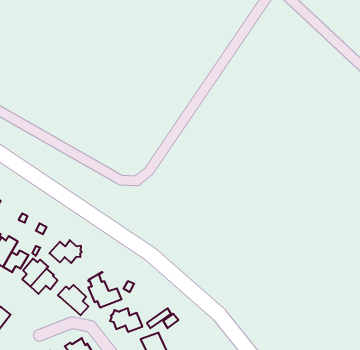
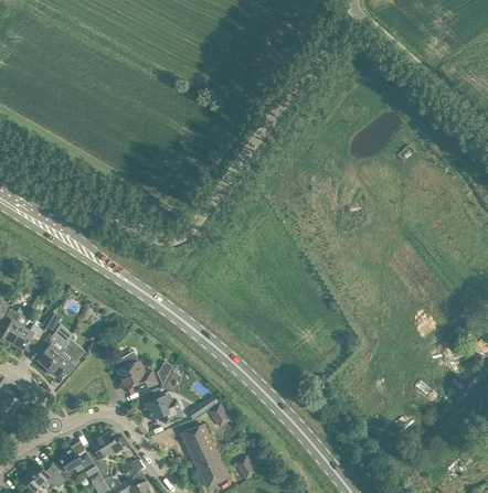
building: [49,240,82,263] -> none
building: [58,285,88,315] -> none

